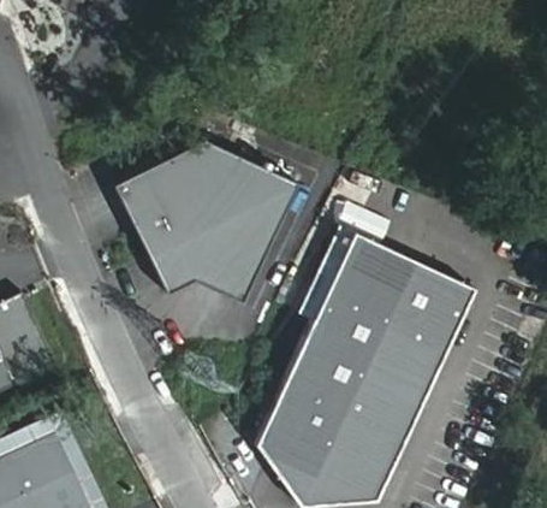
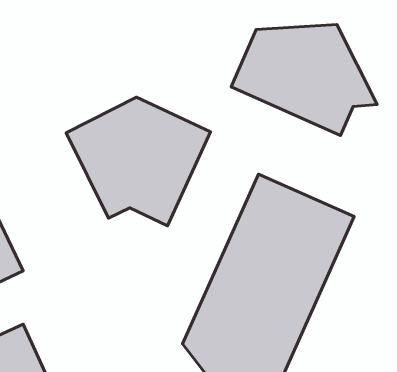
building: none -> [231,24,377,136]

